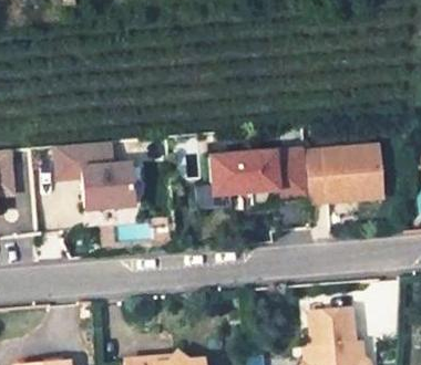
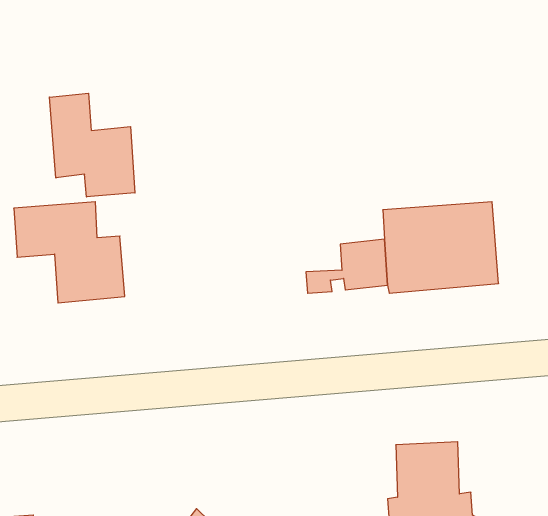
building: none -> [49,93,135,197]
building: [210,149,306,195] -> none

